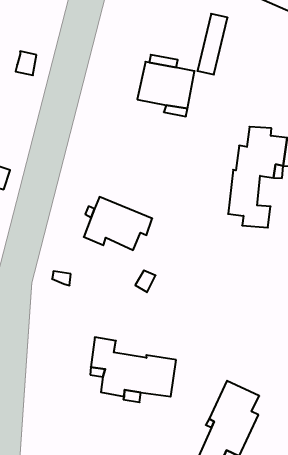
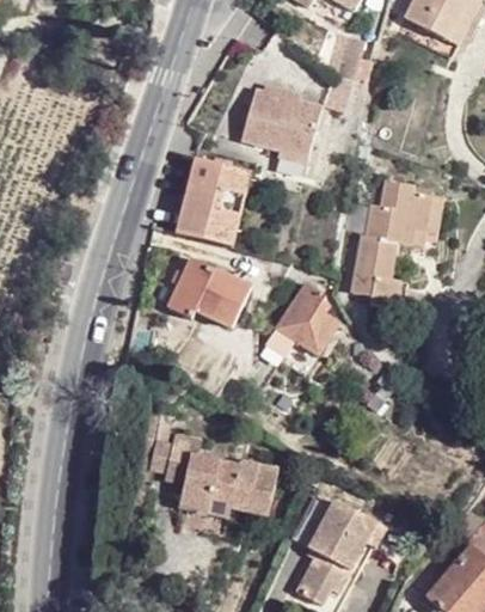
building: none -> [174,158,248,247]
building: none -> [264,286,340,360]

